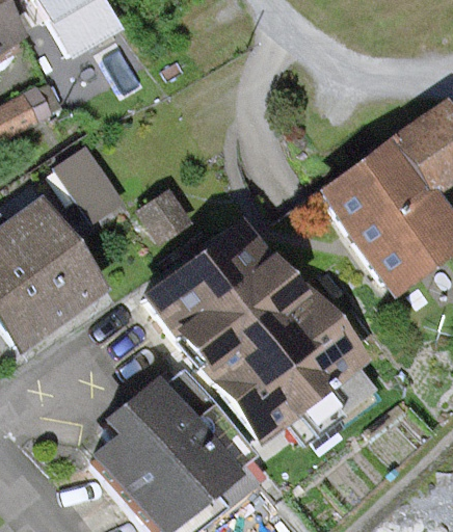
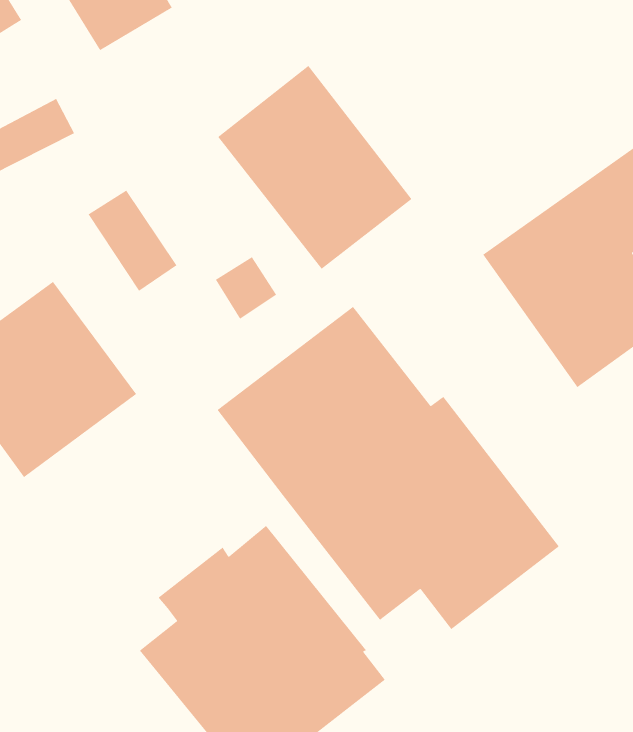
building: none -> [217,65,413,270]

